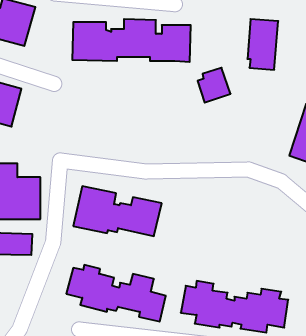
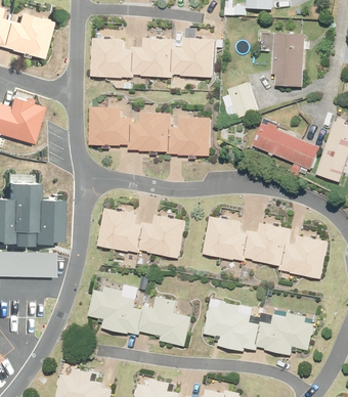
building: none -> [88,107,212,159]
building: none -> [253,123,319,169]
building: none -> [201,216,327,278]

